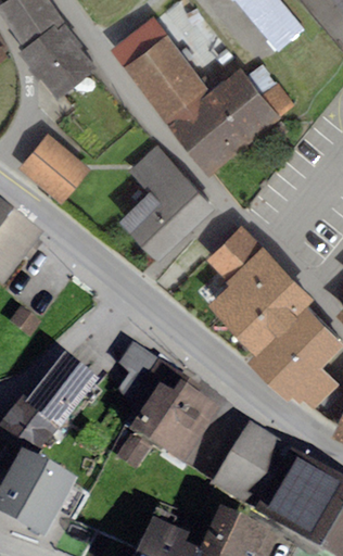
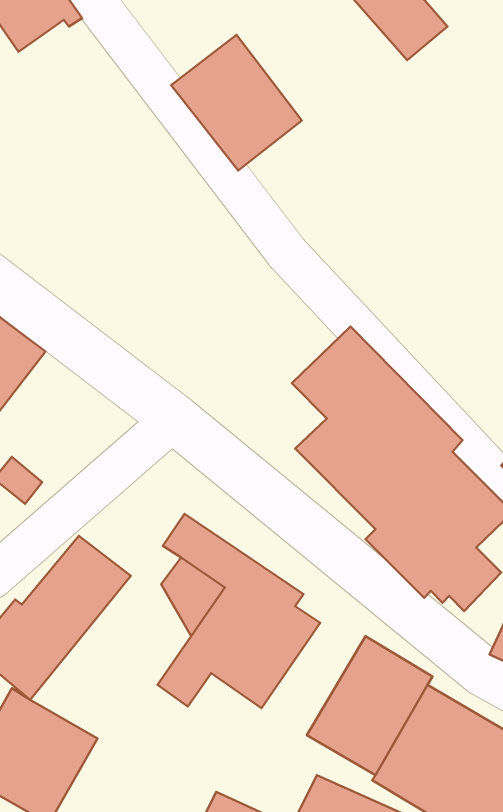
building: [111,15,166,65] -> none
building: [18,22,96,96] -> none
building: [167,64,292,173] -> none
building: [17,131,89,202] -> none
building: [118,142,217,262] -> none

